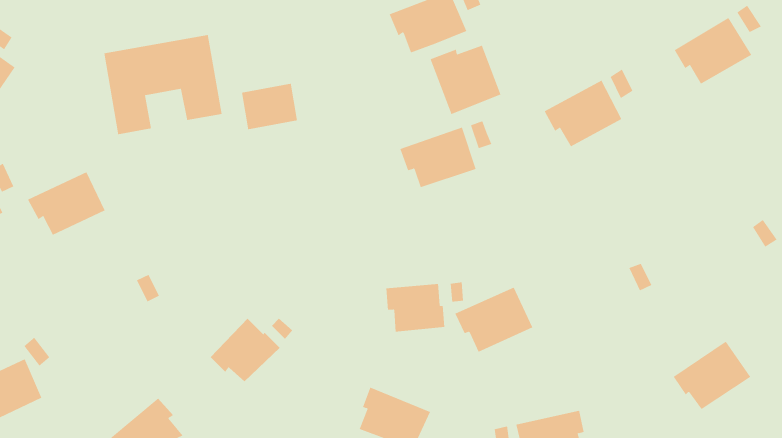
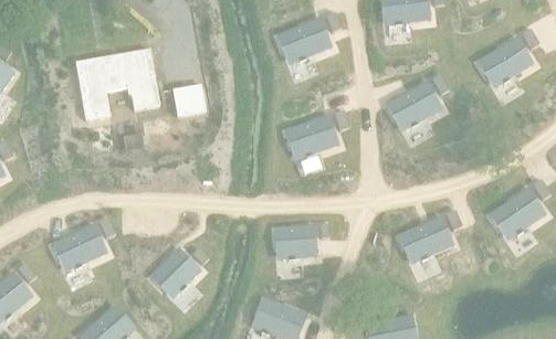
building: [430,45,501,115] -> none
building: [27,171,106,236] -> [50,225,105,271]
building: [455,287,533,353] -> [397,216,452,263]
building: [673,341,751,410] -> [489,189,544,237]

